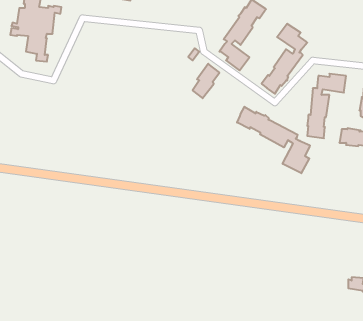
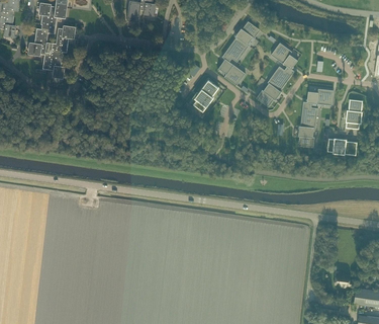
building: [237,107,310,173] -> none

